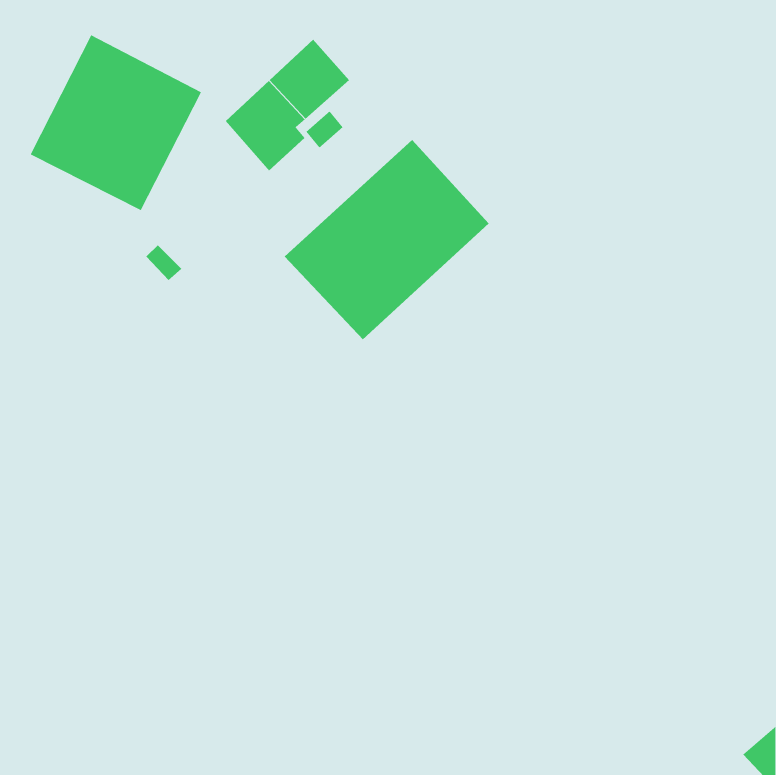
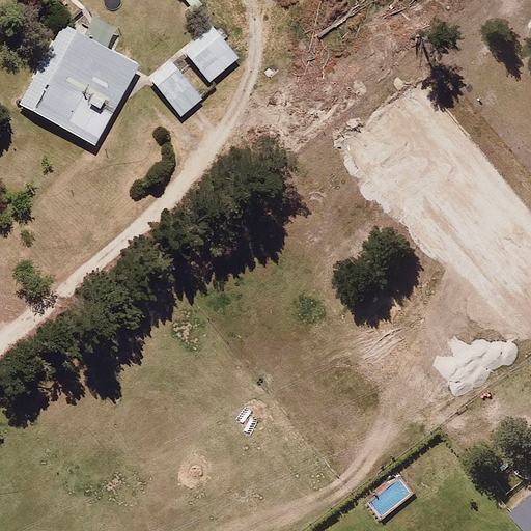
building: [284,139,489,340] -> none

